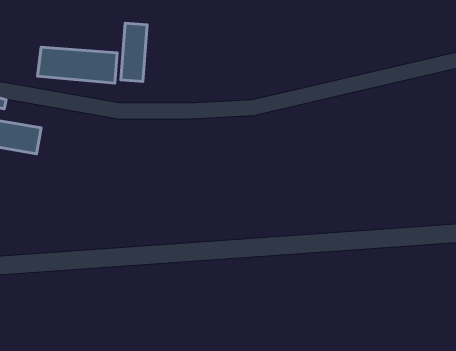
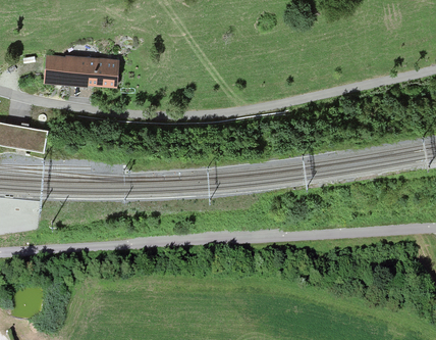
building: [121,23,147,81] -> none

